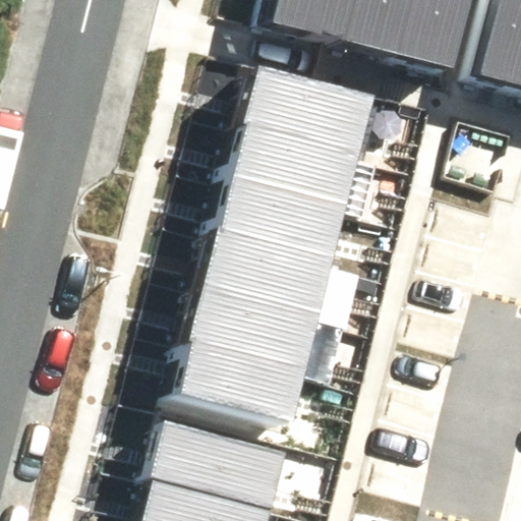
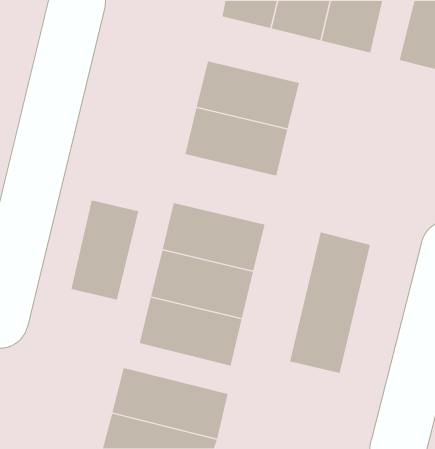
building: [217,179,337,259] -> none
building: none -> [70,199,139,301]
building: none -> [289,232,371,374]

